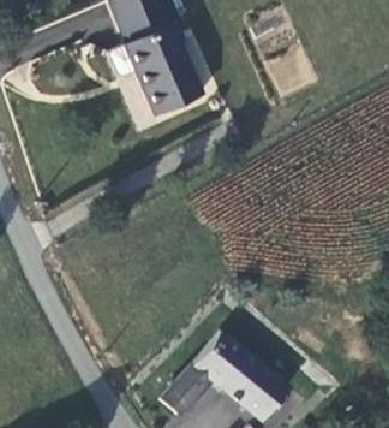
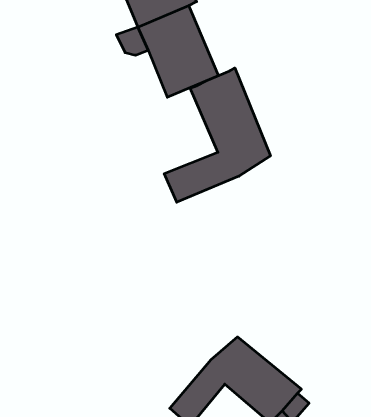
building: none -> [164,68,270,202]

